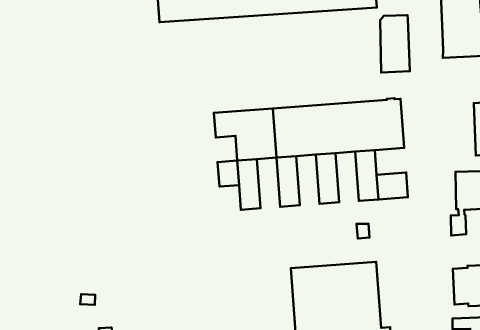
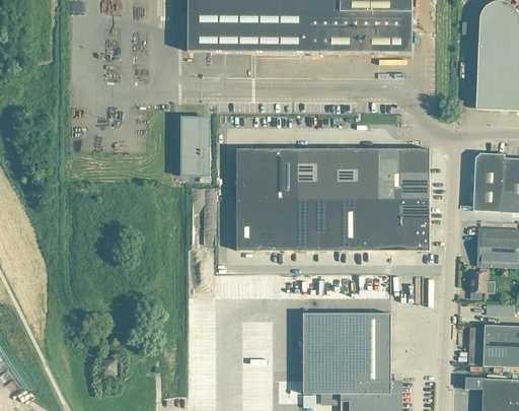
building: [380,15,410,72] -> [472,152,504,211]
building: none -> [180,115,210,175]
building: none -> [236,173,256,198]
building: none -> [398,198,429,223]
building: none -> [358,198,378,249]
building: none -> [317,198,338,249]
building: none -> [277,198,297,249]
building: none -> [236,223,256,249]

